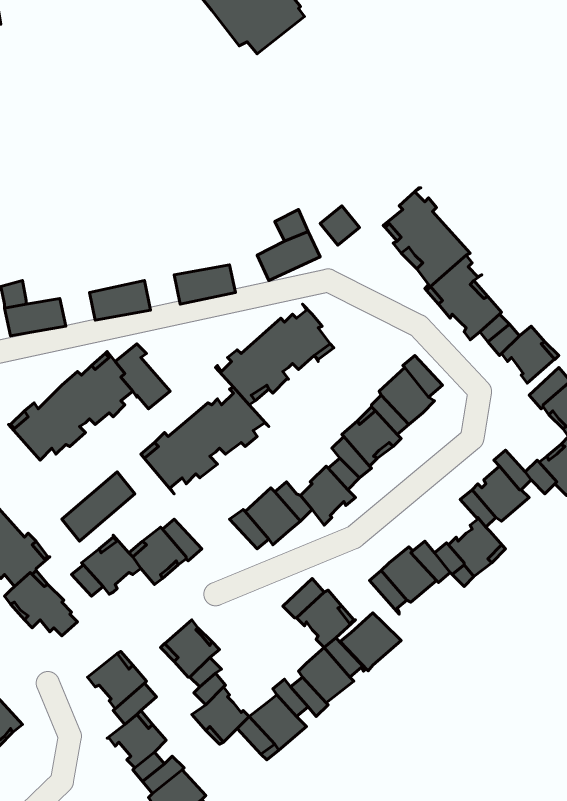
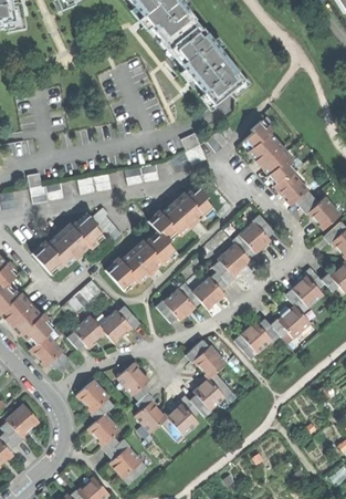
building: none -> [171,24,245,105]
building: [340,613,401,671] -> none

